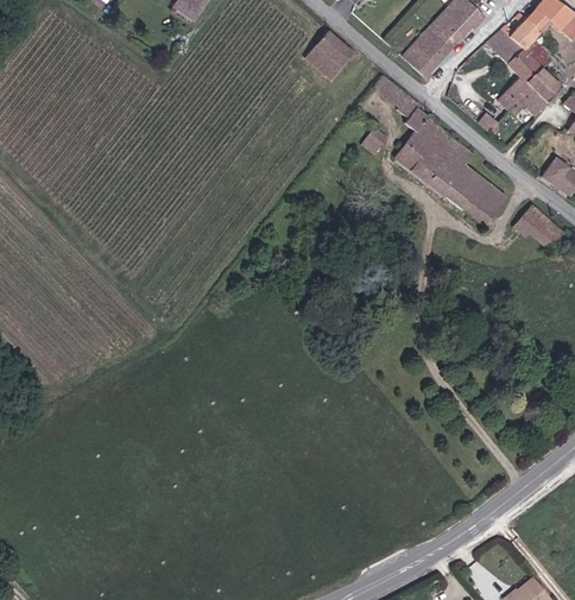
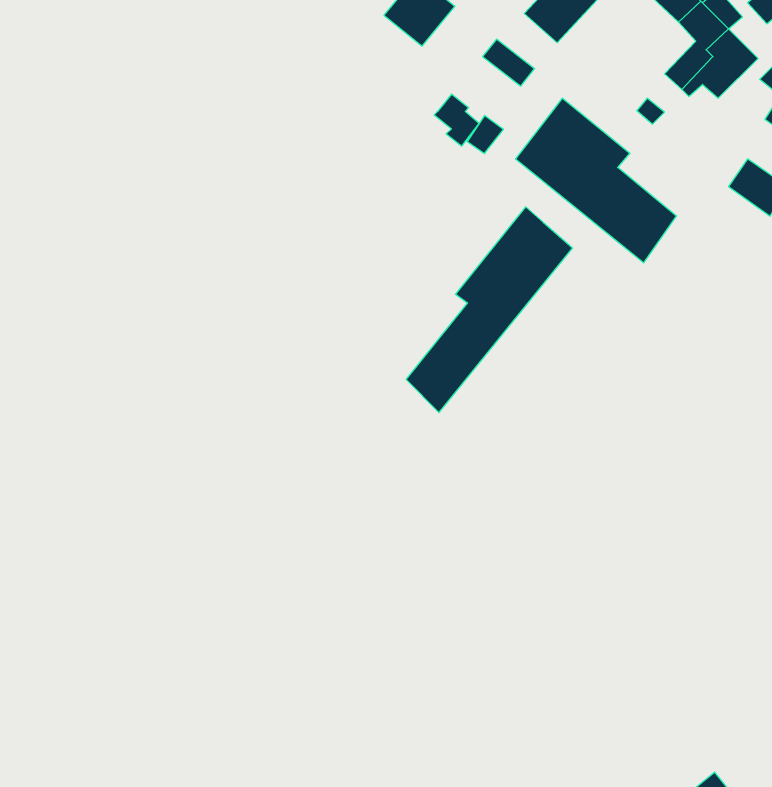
building: [397,95,428,131] -> [434,94,479,146]
building: none -> [406,207,572,413]
building: [514,206,563,247] -> none

